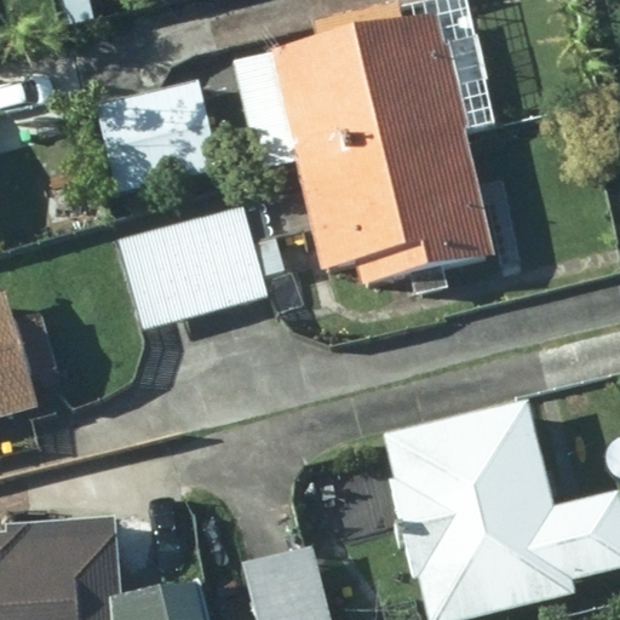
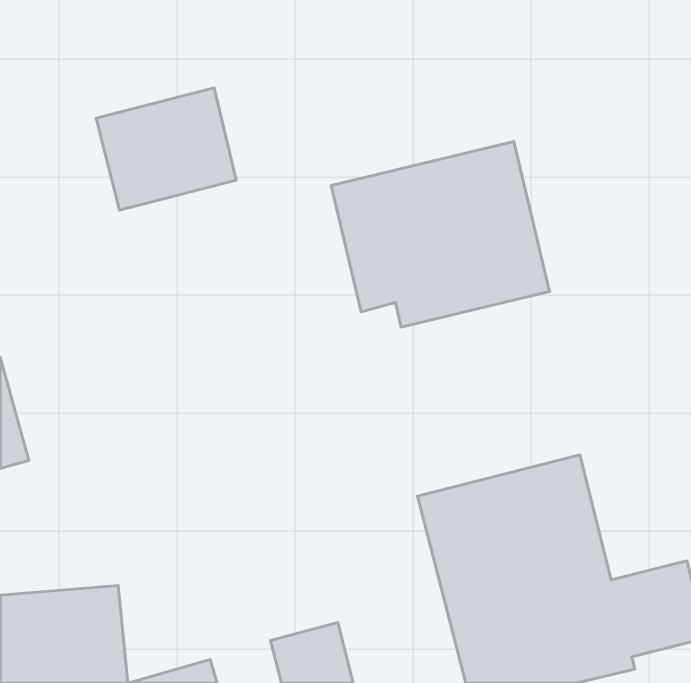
building: [235,19,463,173] -> none
building: [121,203,280,328] -> none

